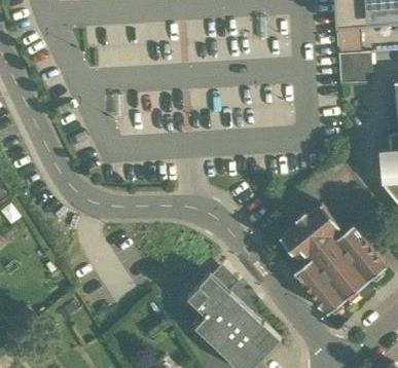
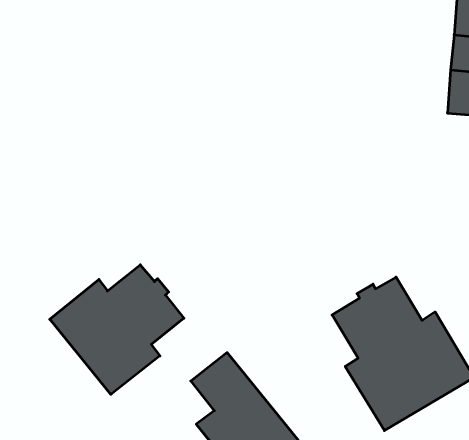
building: none -> [50,265,184,394]

